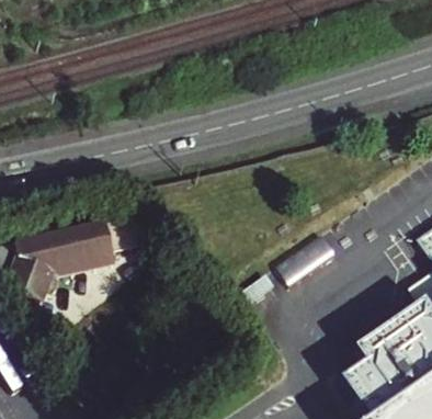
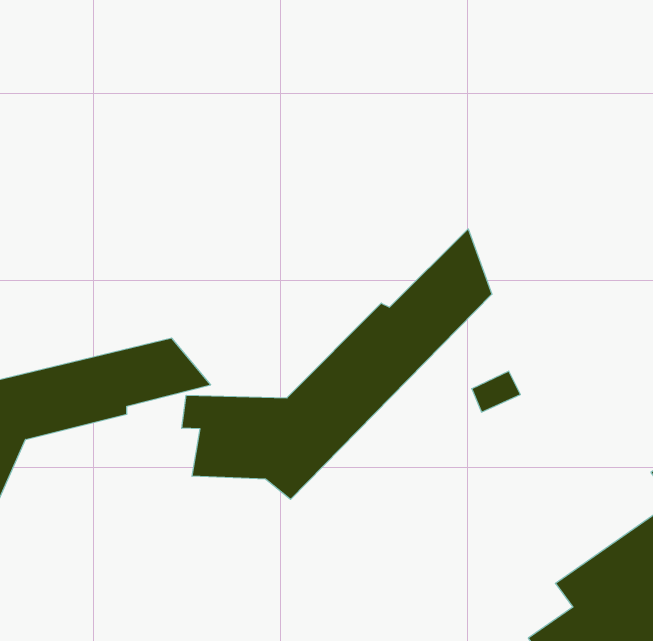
building: none -> [182,229,492,499]

